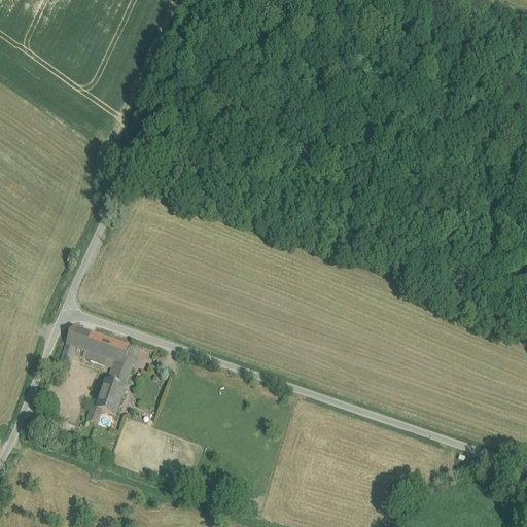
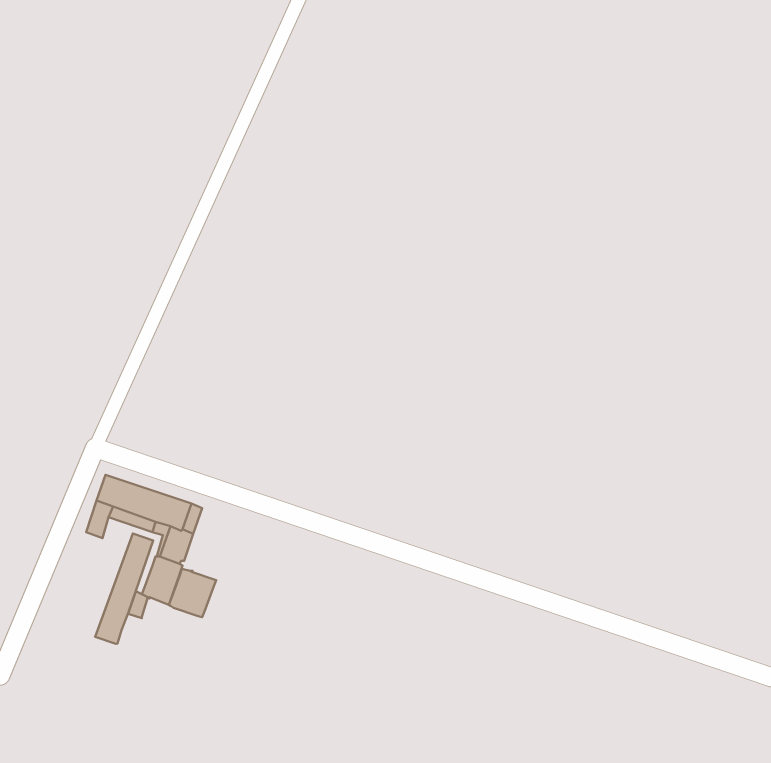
building: none -> [95,533,153,644]
building: none -> [169,569,216,617]

